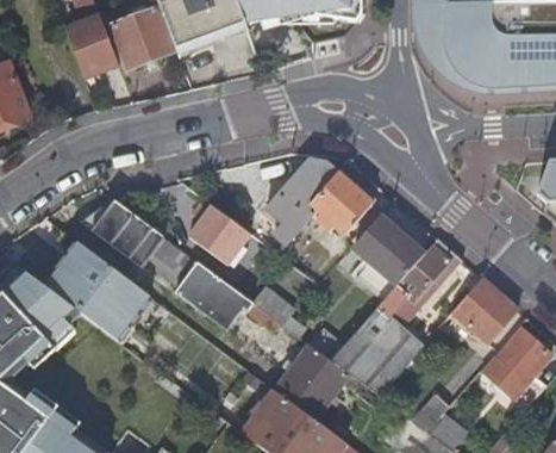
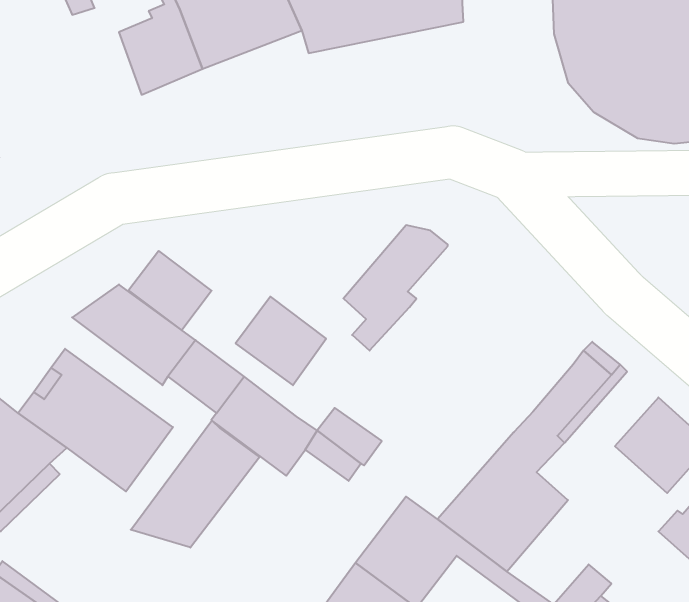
building: [67,17,117,73] -> none
building: [311,172,373,237] -> none
building: none -> [129,251,212,330]
building: [354,216,424,285] -> none
building: none -> [131,421,260,548]

